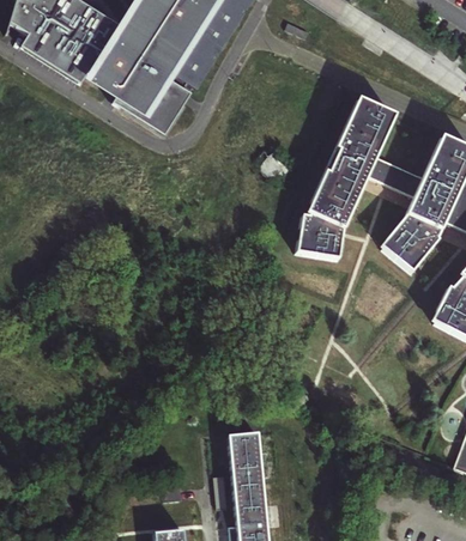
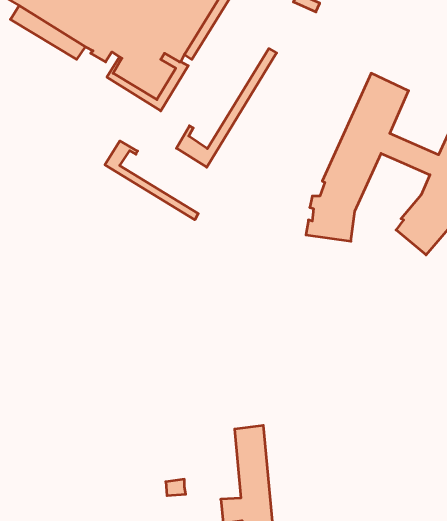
building: none -> [176,49,277,167]
building: none -> [105,141,198,220]

